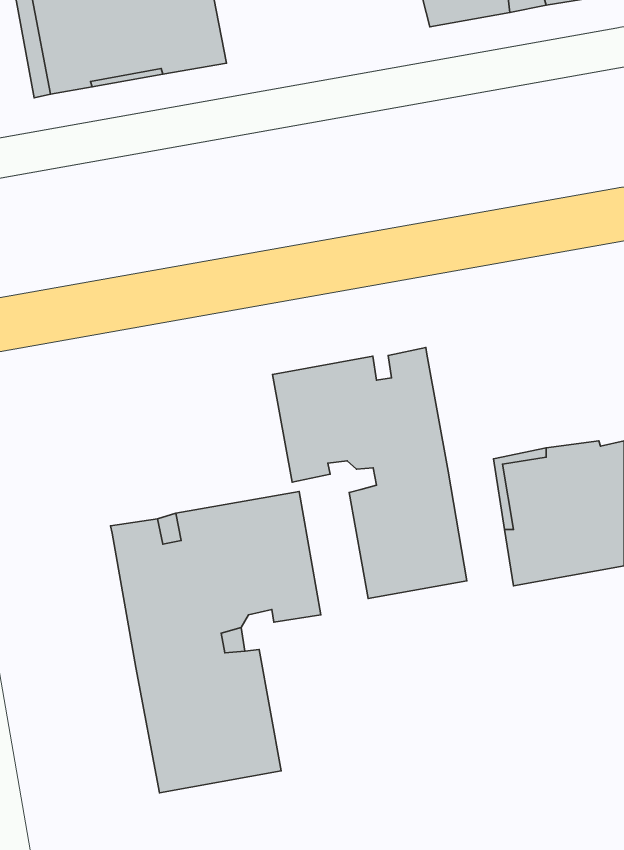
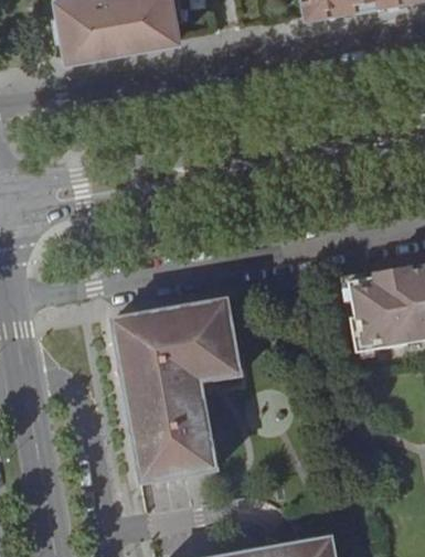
building: [273,348,467,599] -> none

